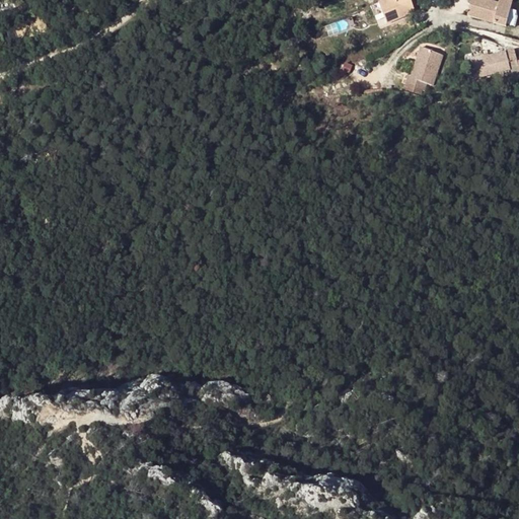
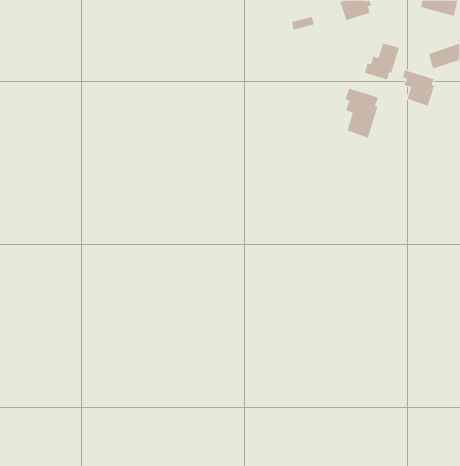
building: none -> [402,70,435,107]
building: none -> [345,88,379,138]

